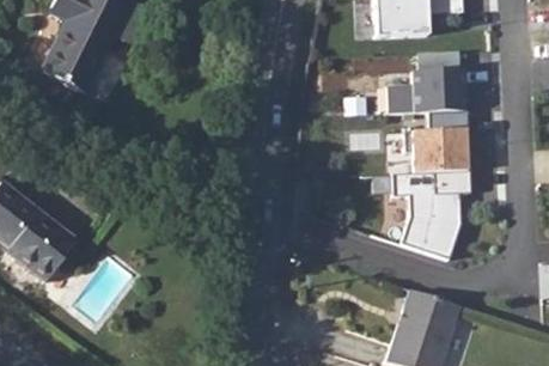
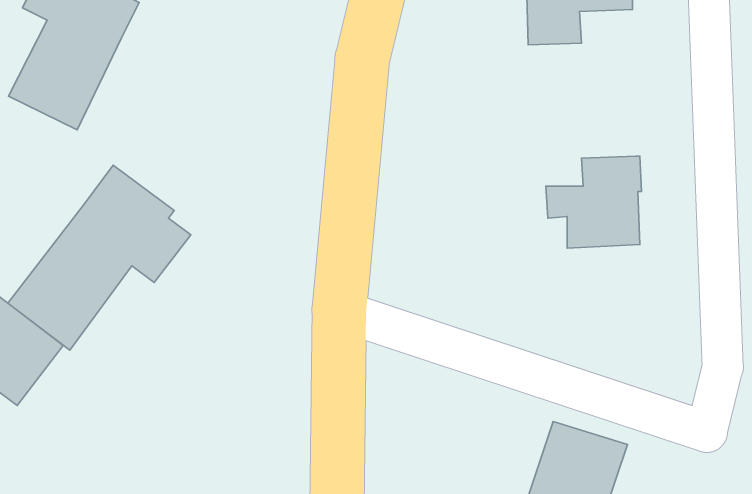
building: [413,50,465,112] -> none
building: none -> [8,165,191,350]
building: [391,170,470,258] -> none

